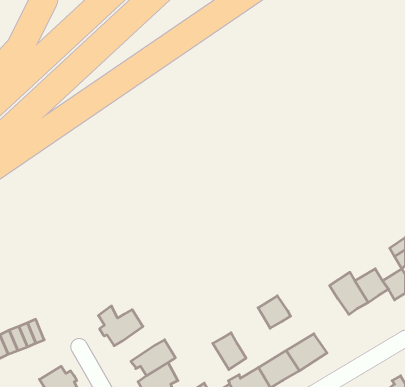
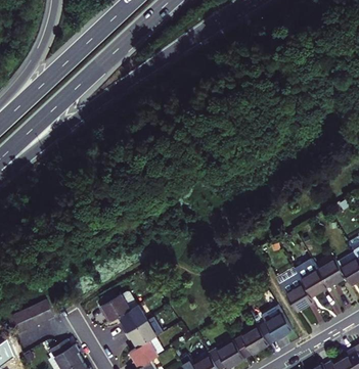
building: [258,296,291,328] -> [283,283,311,311]
building: none -> [117,307,145,336]
building: [213,333,246,370] -> none

